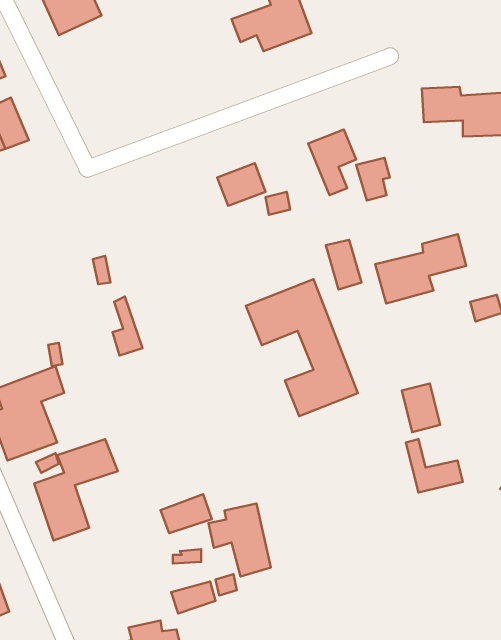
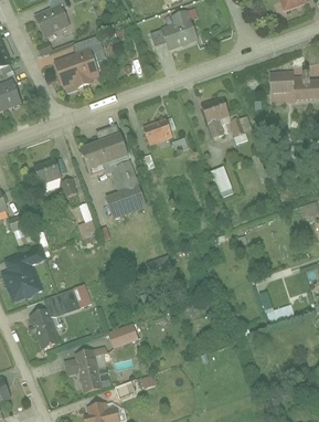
building: none -> [53,49,98,91]
building: none -> [32,158,60,184]
building: [375,234,466,304] -> none
building: [246,279,358,416] -> [79,134,149,219]
building: [402,383,440,432] -> none
building: [208,503,271,576] -> [63,348,102,393]

